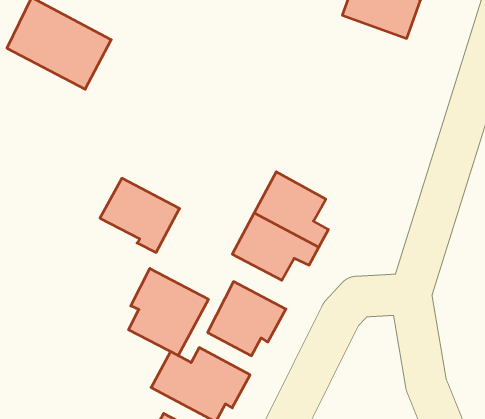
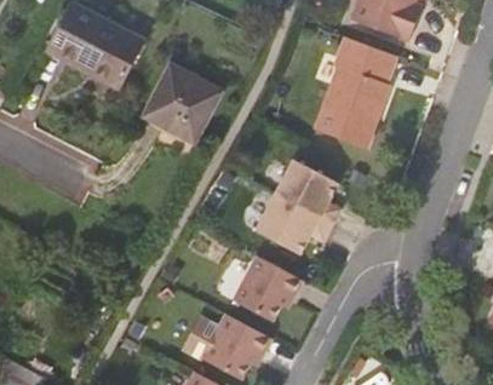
building: none -> [315,36,396,148]
building: [100,178,180,252] -> [156,69,227,134]
building: [129,268,208,356] -> none

